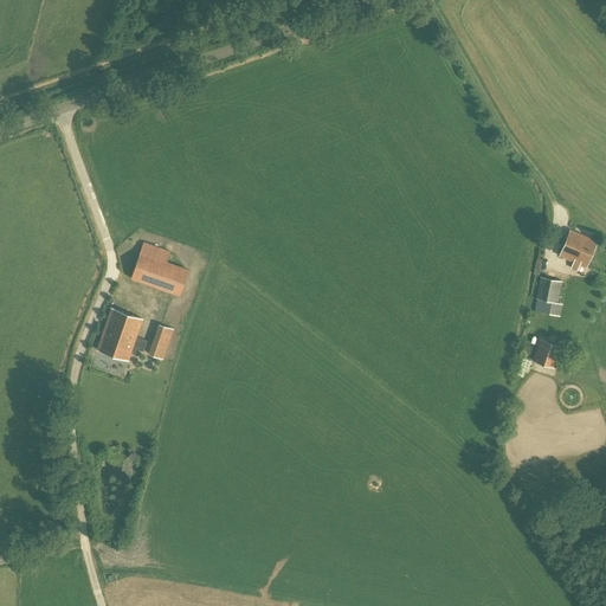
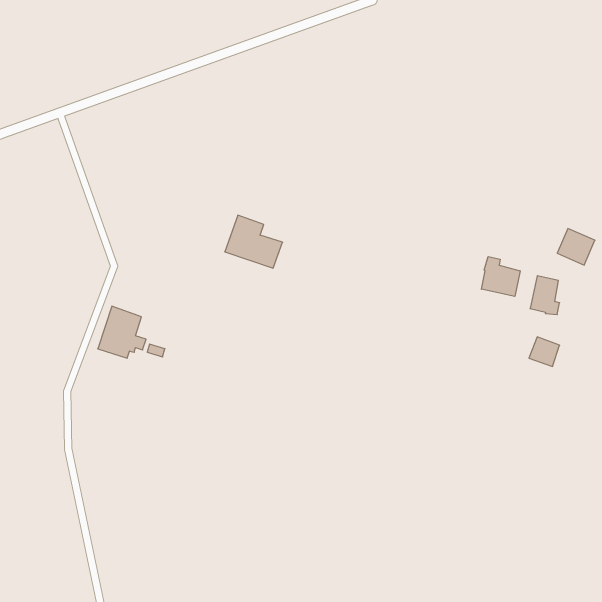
building: [131,241,189,295] -> [225,215,283,268]
building: none -> [481,257,520,296]

